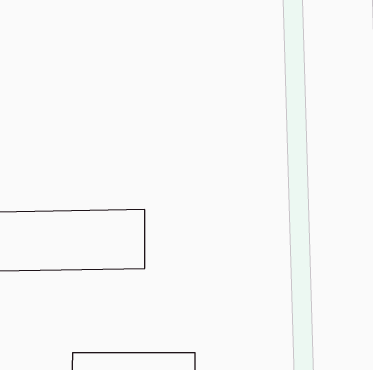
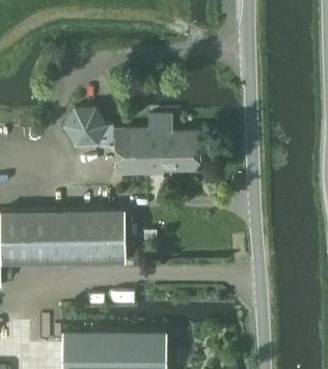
building: none -> [64,108,108,145]
building: none -> [114,115,199,174]

